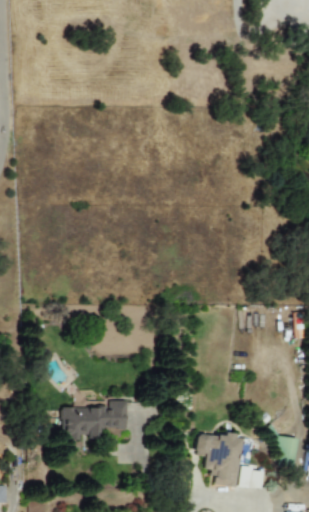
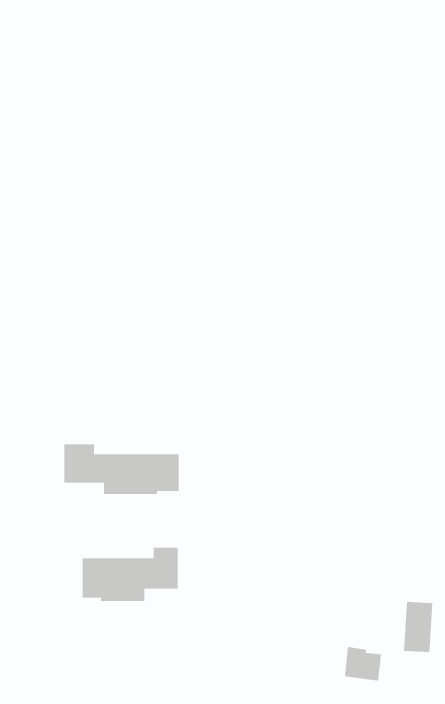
building: none -> [64,443,179,495]
building: [195,432,241,486] -> none

